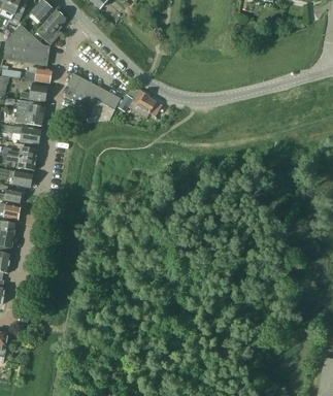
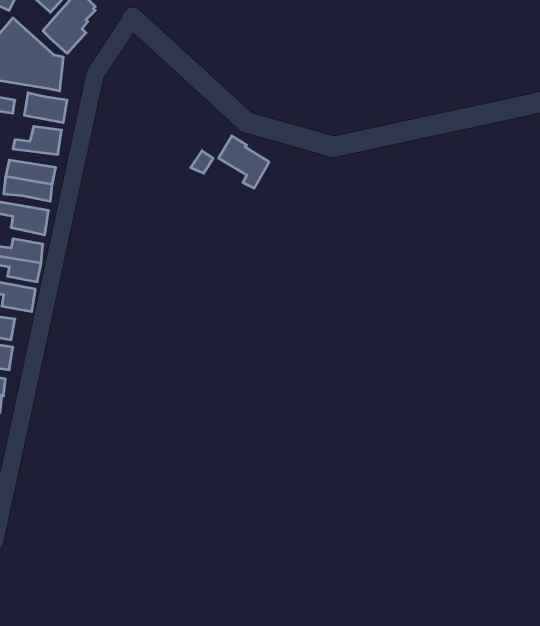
building: [64,72,120,110] -> none

